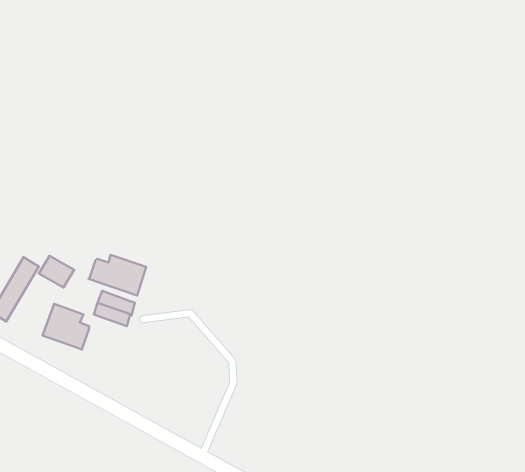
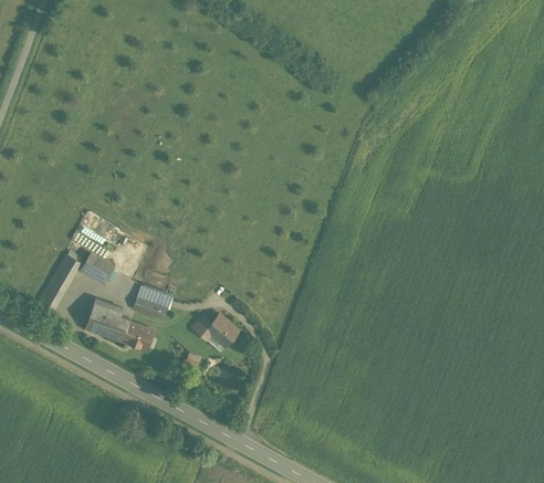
building: [89,255,146,296] -> none
building: none -> [195,314,238,345]
building: none -> [122,322,153,349]

